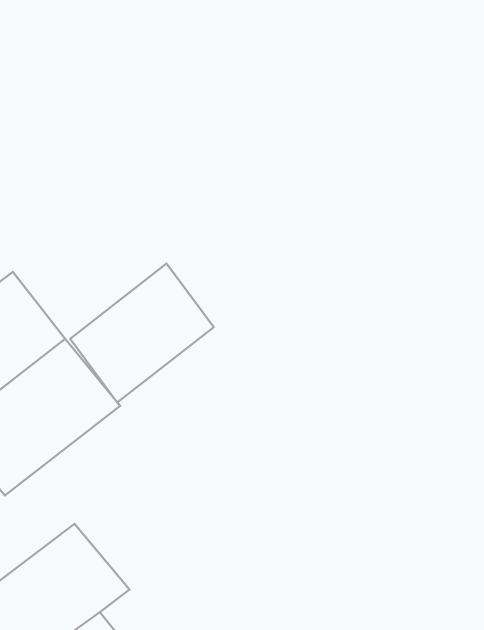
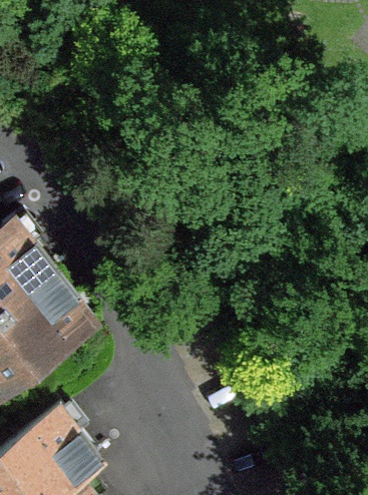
building: [70,263,214,402] -> none

